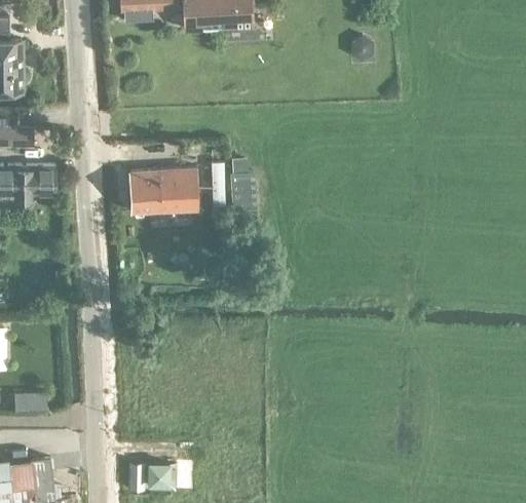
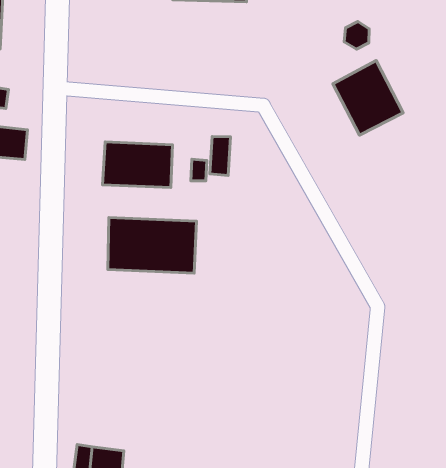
building: none -> [333,60,403,135]
building: none -> [108,217,197,273]

